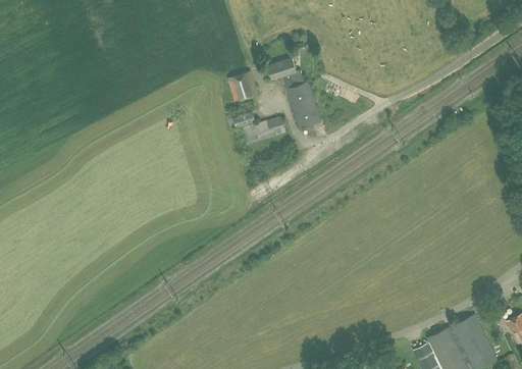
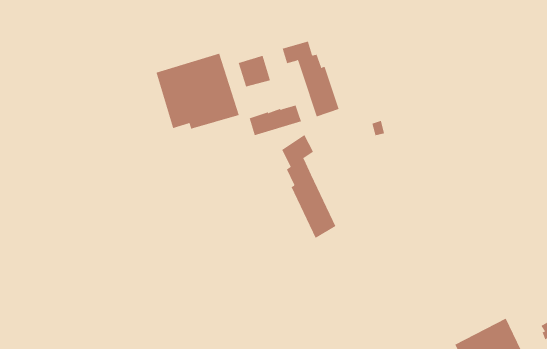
building: none -> [156,53,239,130]
building: none -> [282,134,336,239]

